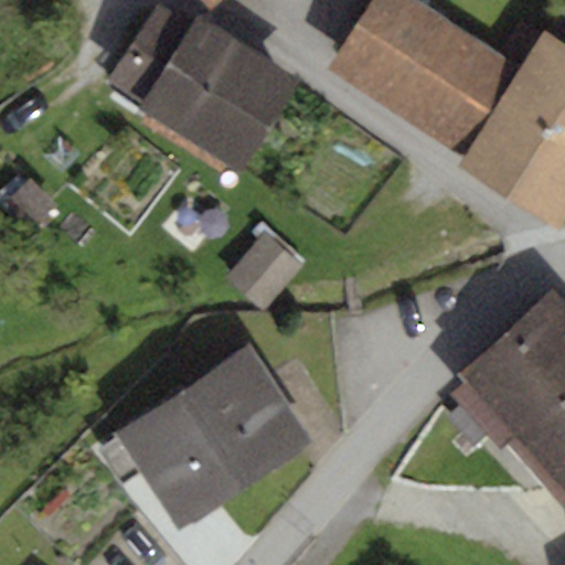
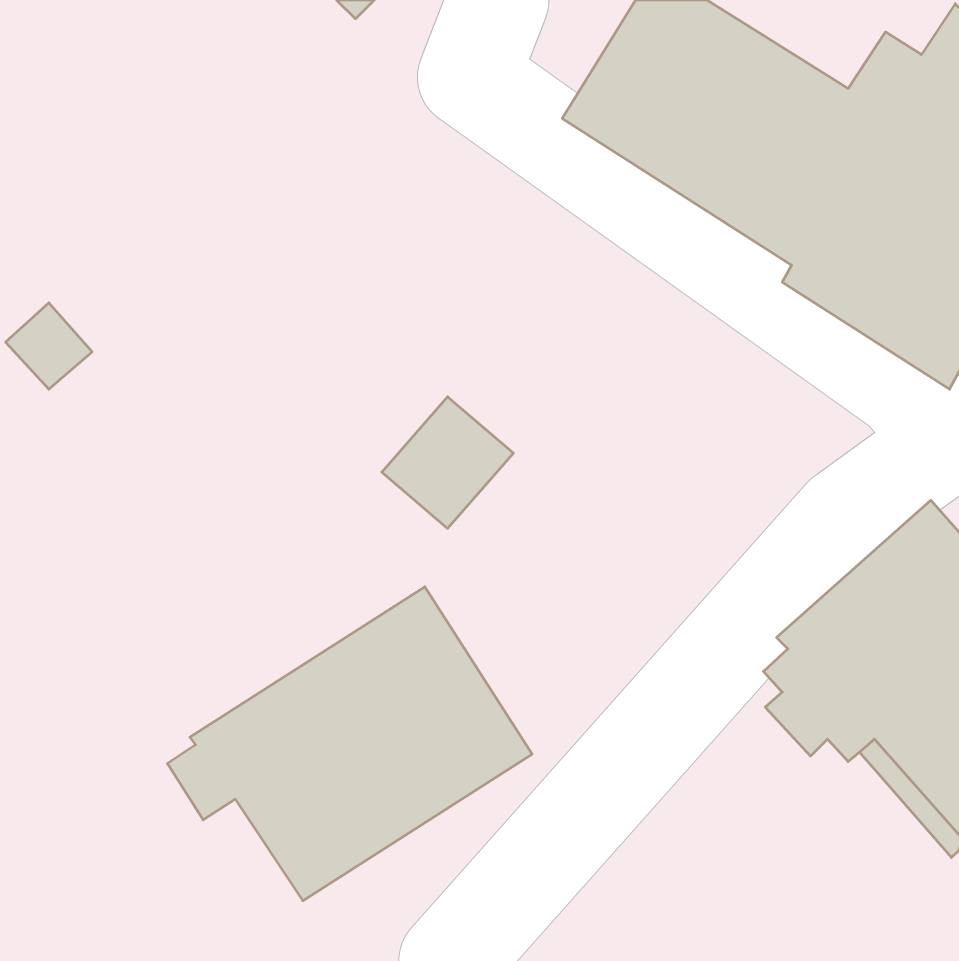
building: [106,4,299,171] -> none

